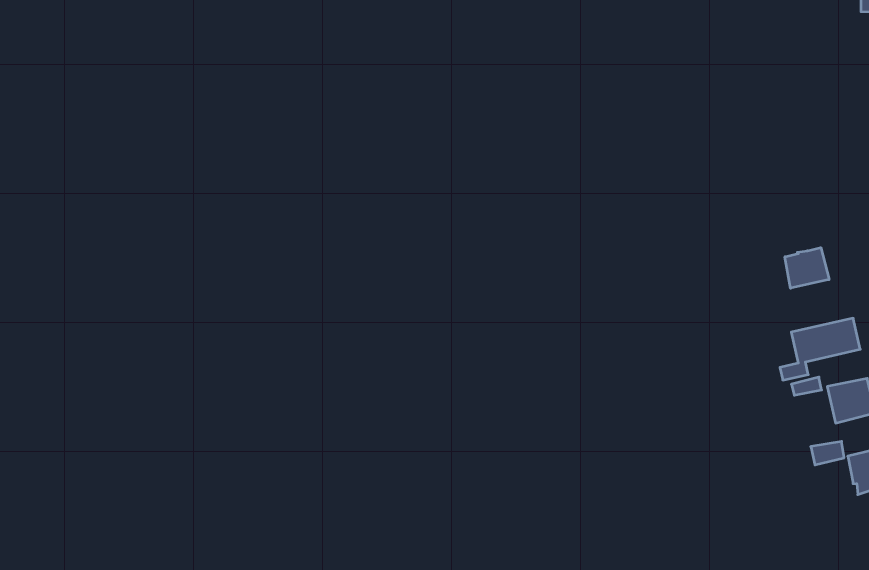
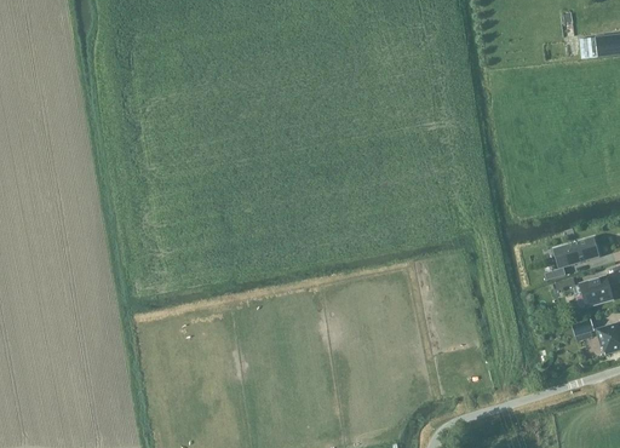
building: [785,248,829,288] -> none

